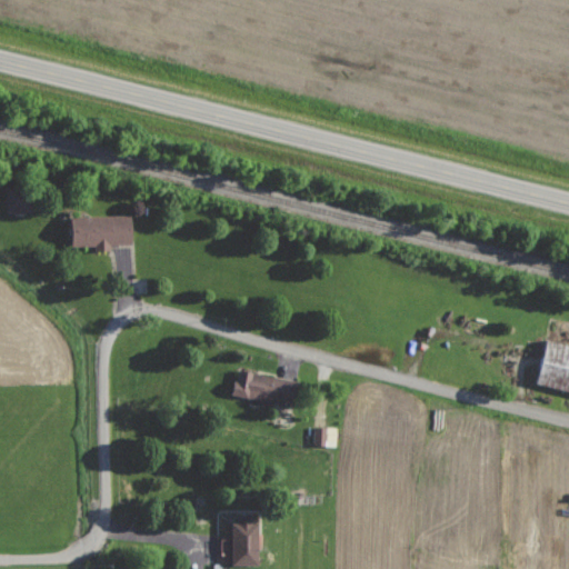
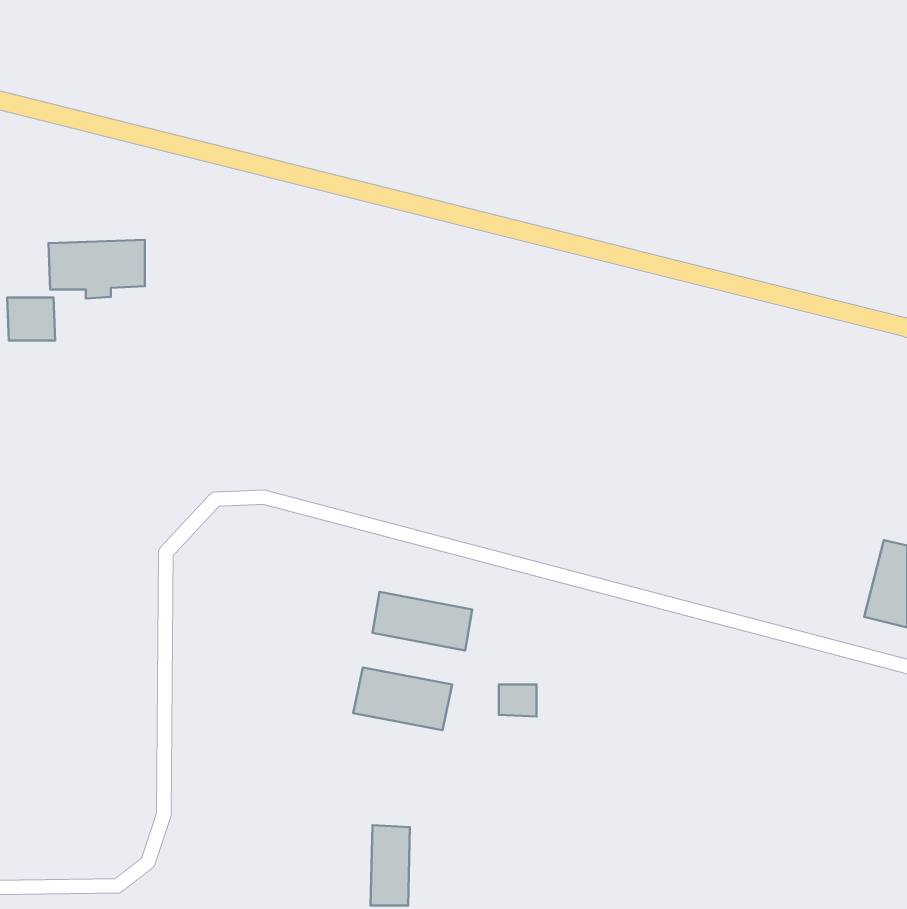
building: [71,214,131,251] -> [49,240,145,299]
building: none -> [353,667,452,730]

